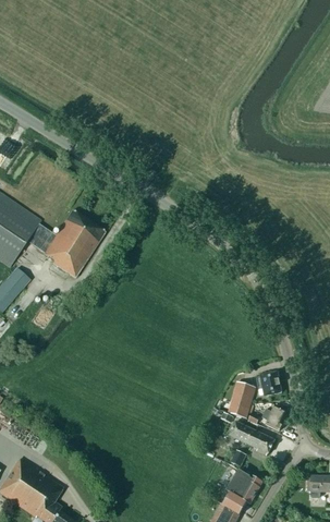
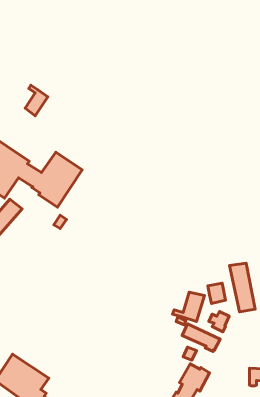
building: none -> [25,85,48,116]
building: none -> [230,263,255,312]

